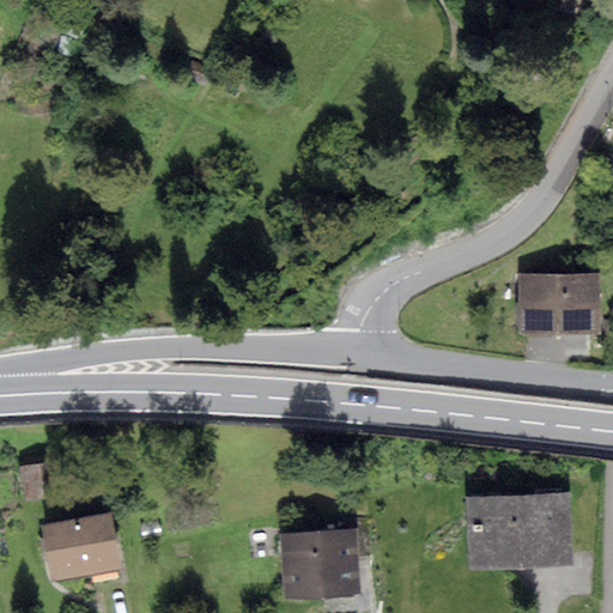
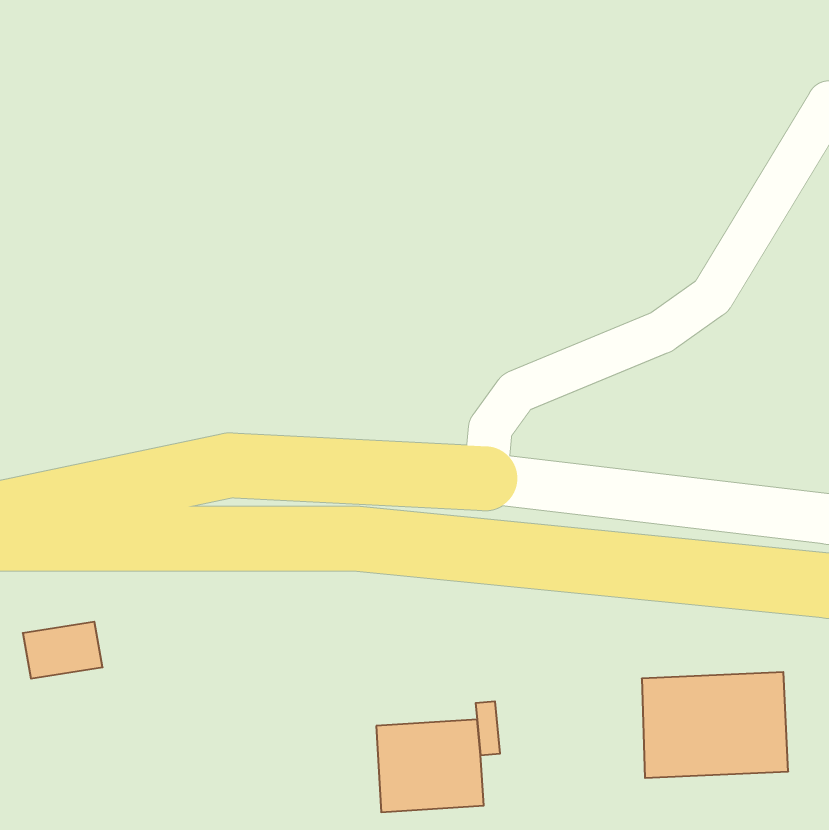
building: [515,272,597,334] -> none
building: [40,512,119,579] -> none

